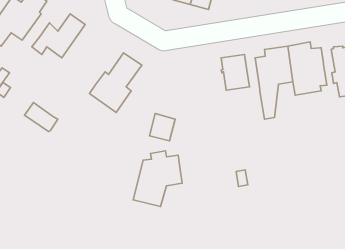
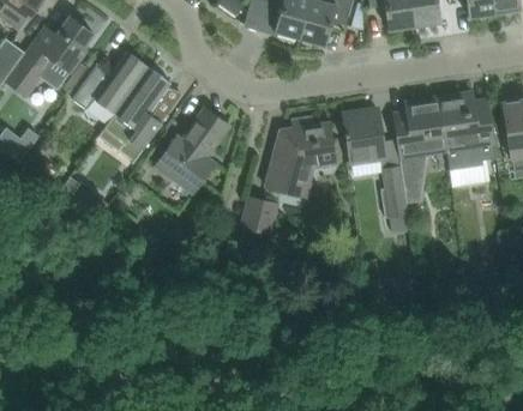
building: none -> [103,67,170,164]
building: none -> [381,167,407,217]
building: [133,151,182,207] -> [265,117,336,198]

